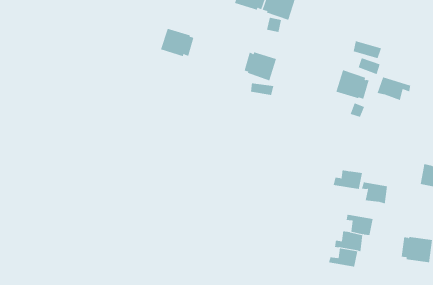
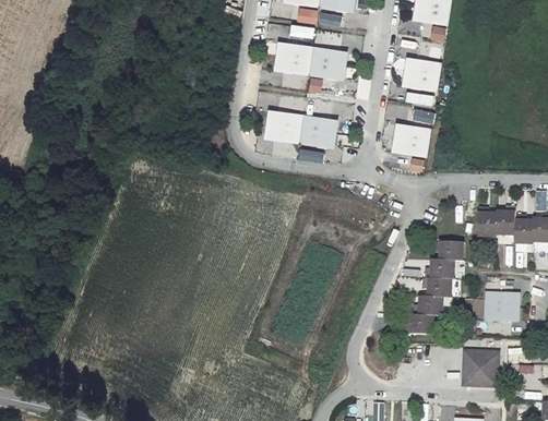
building: none -> [403,58,438,87]
building: [160,28,194,57] -> [260,110,295,139]
building: [377,77,411,101] -> none
building: none -> [478,206,498,237]
building: [333,170,363,190] -> [425,260,455,278]

